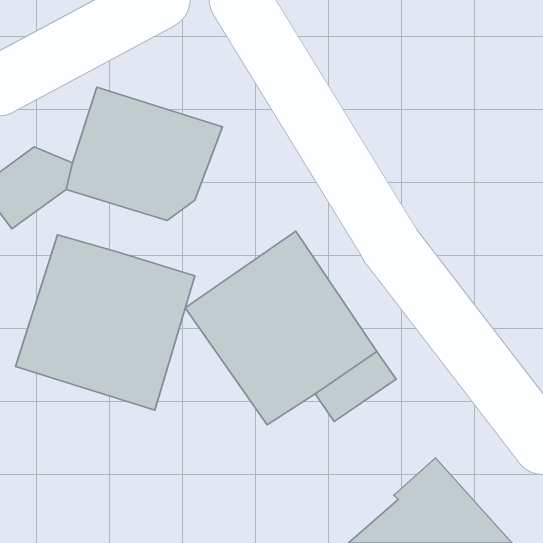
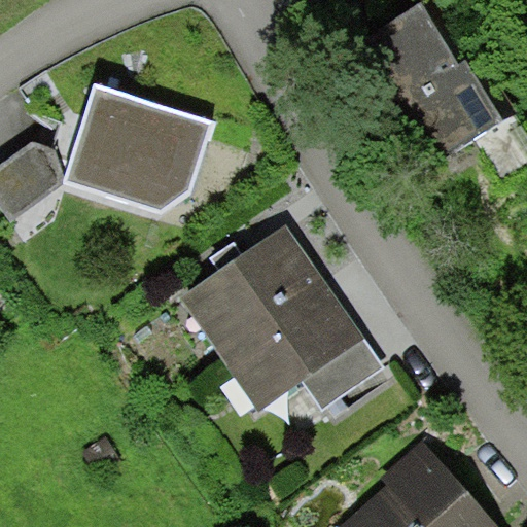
building: none -> [360,4,504,163]
building: [15,235,195,410] -> none

